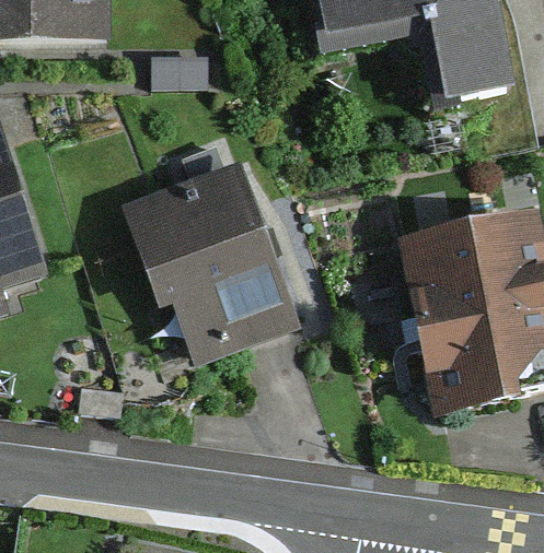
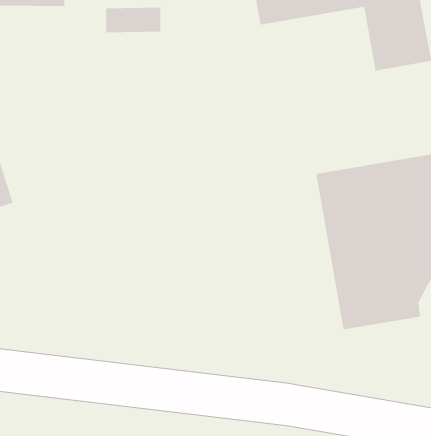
building: [141,173,303,354] -> none

